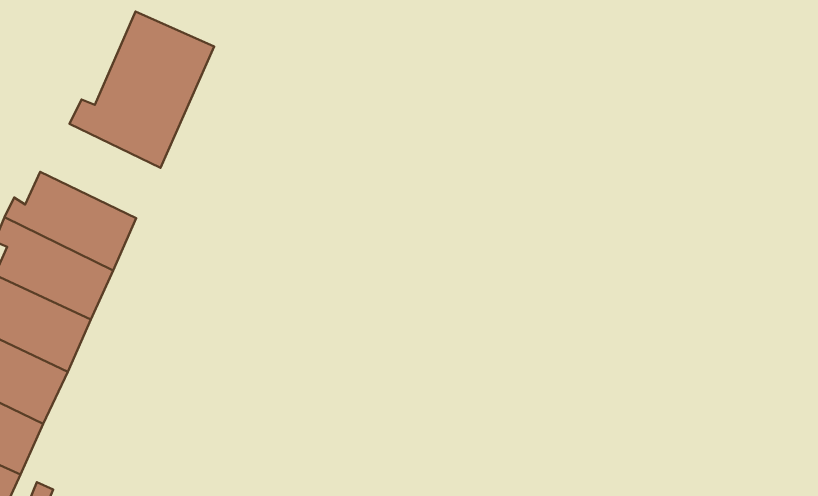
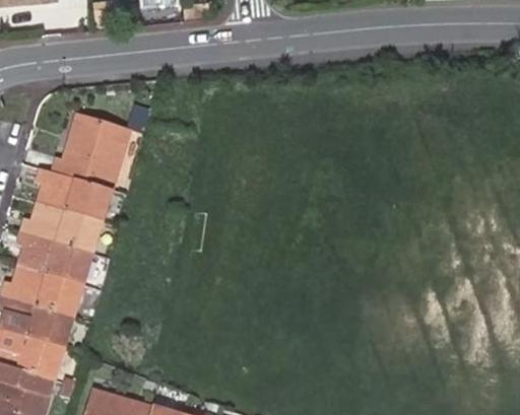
building: none -> [35,169,108,223]

